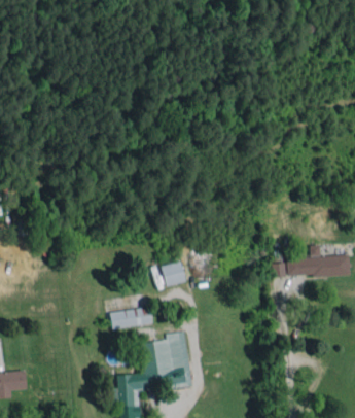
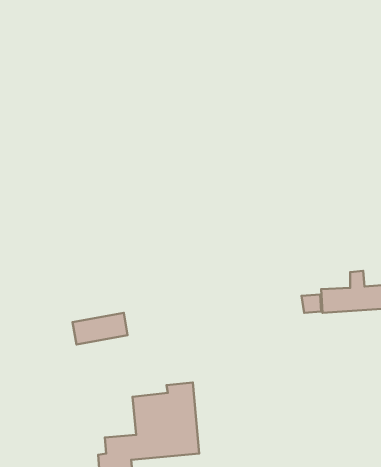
building: [162,262,185,286] -> none
building: [109,306,152,330] -> [73,313,128,344]

